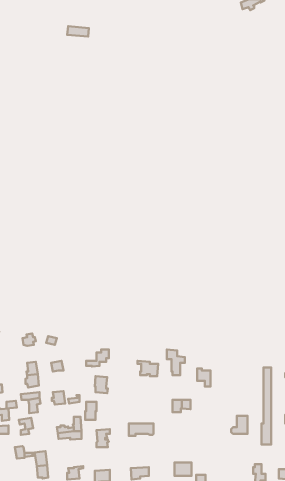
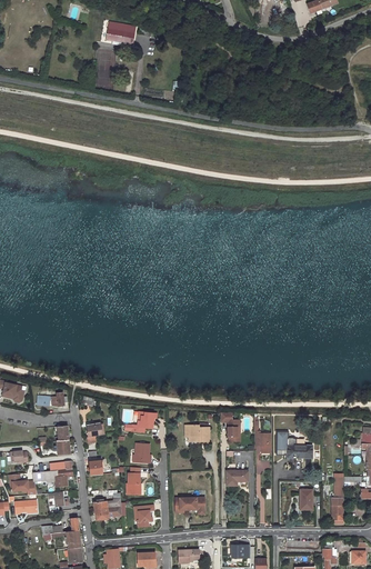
building: none -> [277,433,312,458]

